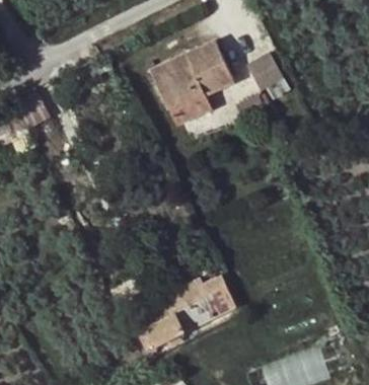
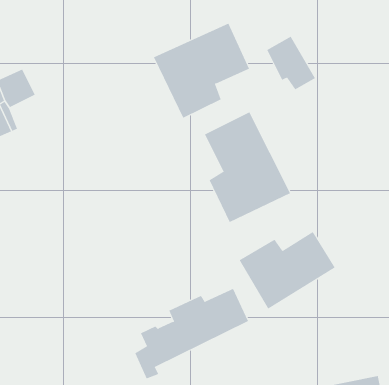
building: none -> [204,111,291,223]
building: none -> [239,231,336,310]

